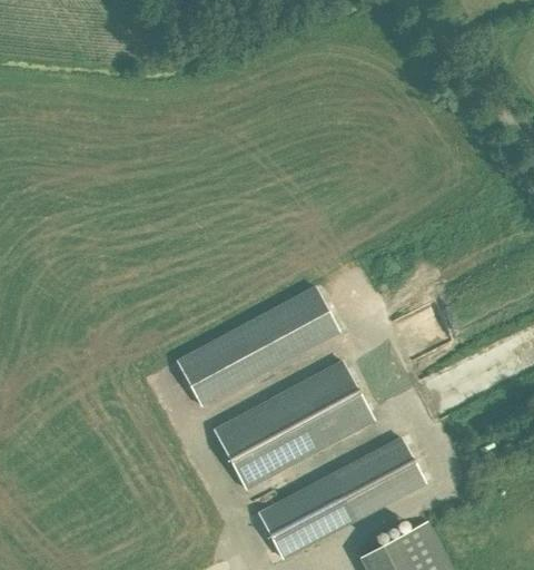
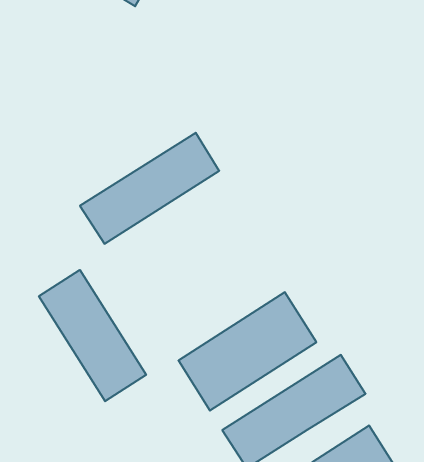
building: [178,287,340,405] -> [80,133,219,244]
building: none -> [39,270,146,401]

